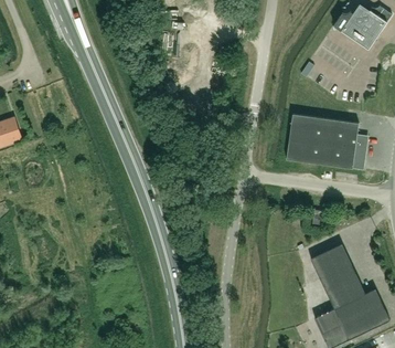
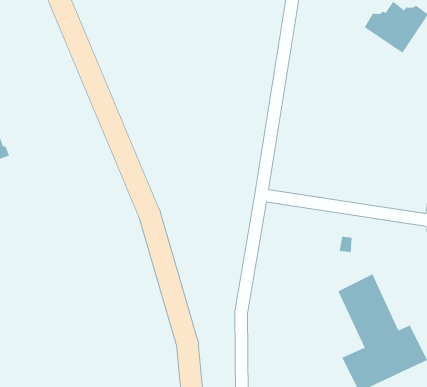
building: [287,115,365,170] -> none

